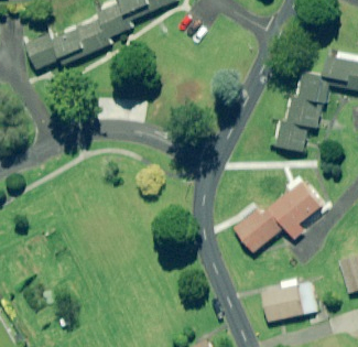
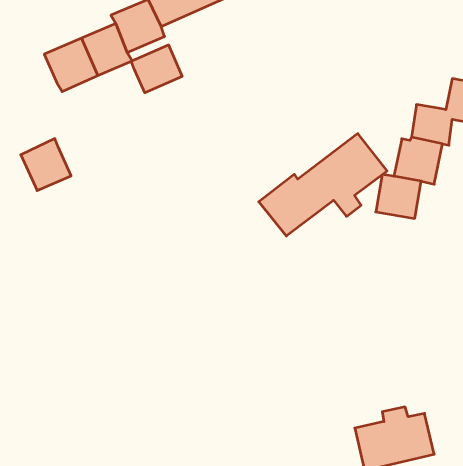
building: none -> [131,45,182,93]
building: [25,34,59,69] -> [21,139,71,191]
building: [234,182,321,251] -> [259,134,387,236]

